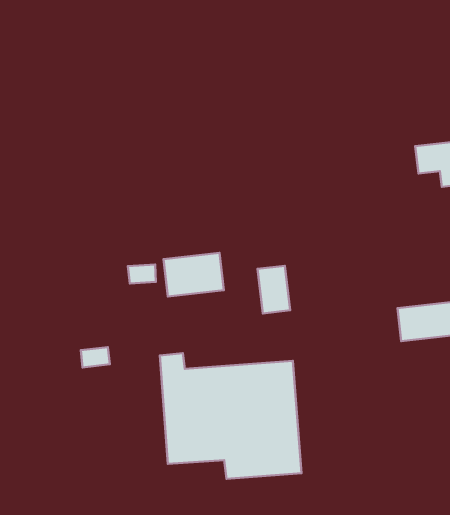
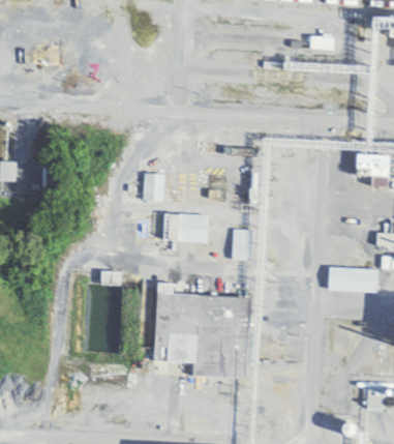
building: none -> [144,173,162,199]

